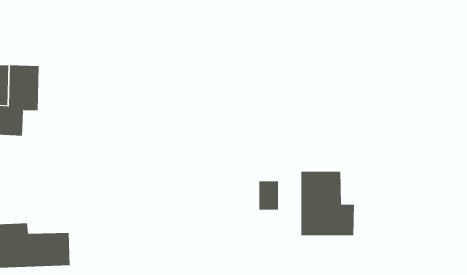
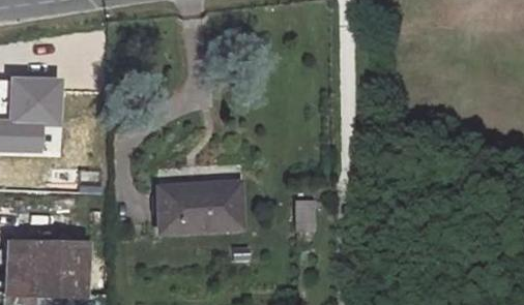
building: none -> [157,180,238,232]
building: [301,171,355,236] -> none

